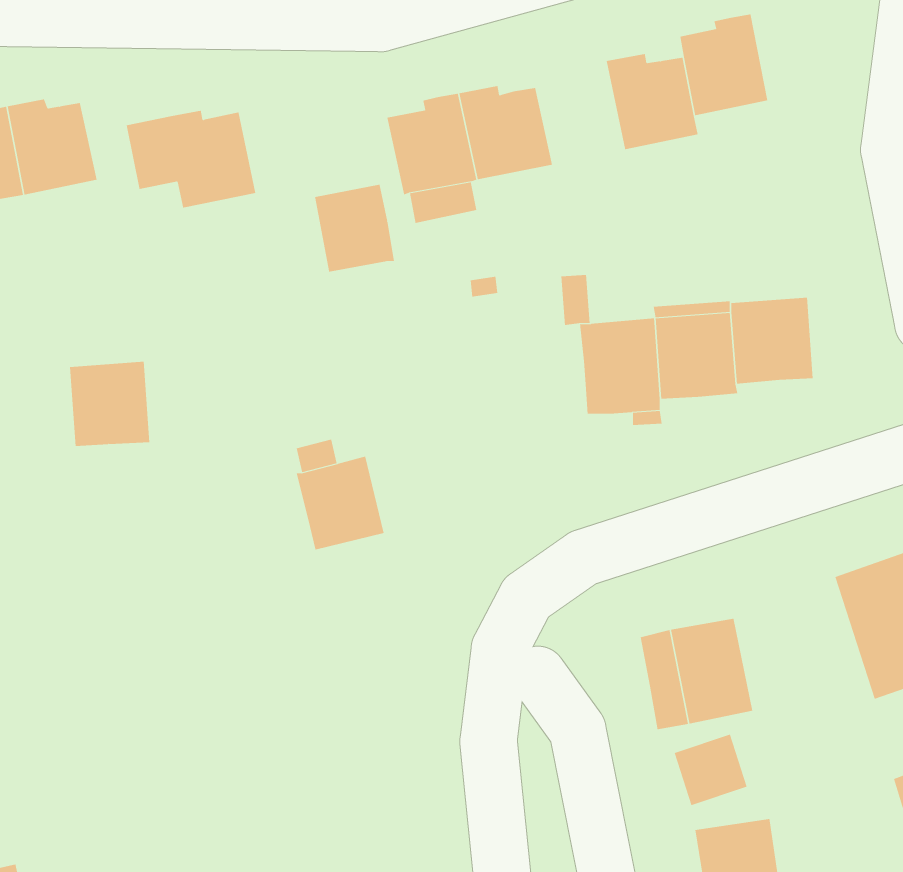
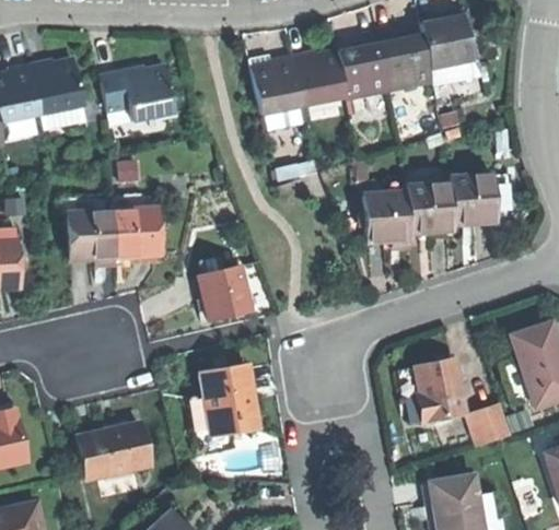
building: none -> [338,37,389,97]
building: [314,184,395,272] -> none
building: none -> [112,209,160,258]
building: none -> [200,365,257,435]
building: none -> [78,423,150,479]
building: [674,734,748,806] -> [467,403,510,445]

